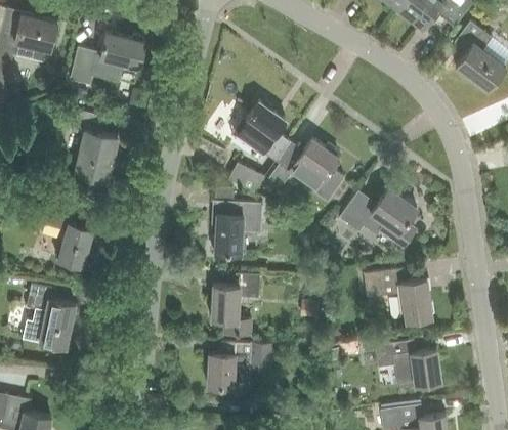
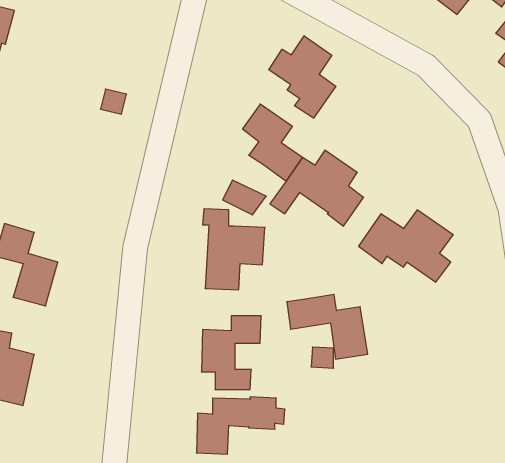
building: [71,34,145,85] -> none
building: none -> [269,36,336,118]
building: [69,112,118,182] -> none
building: [366,268,432,321] -> [287,294,368,359]
building: [376,340,440,386] -> none

